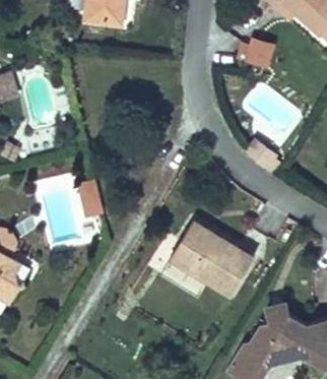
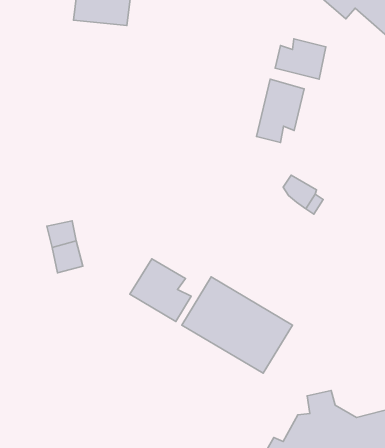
building: none -> [256,79,304,142]
building: none -> [130,259,191,321]

